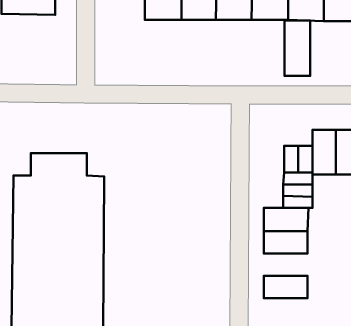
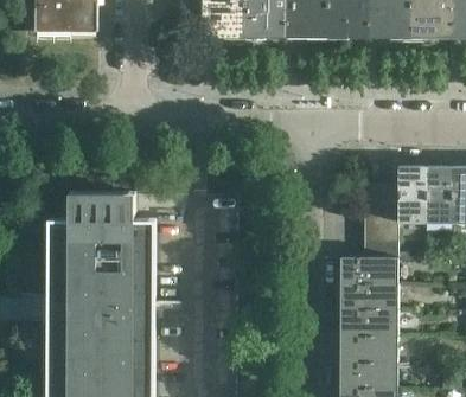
building: [284,21,310,76] -> none
building: none -> [341,310,392,337]
building: none -> [340,363,392,389]

